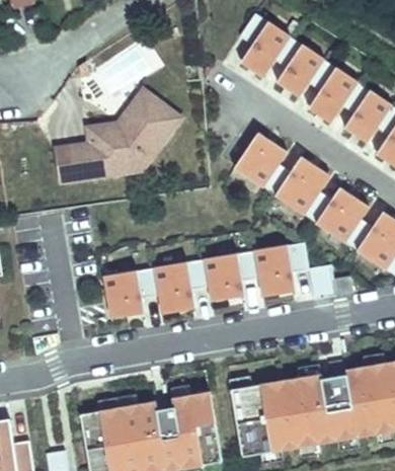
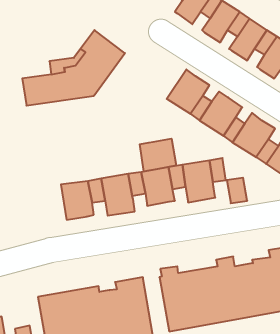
building: none -> [140,139,176,171]

